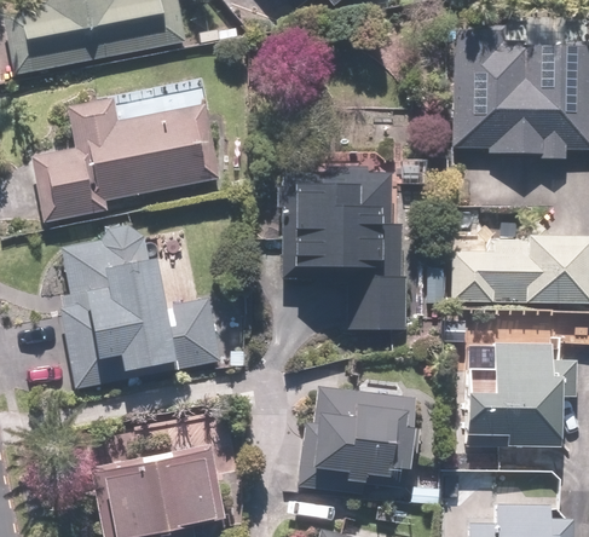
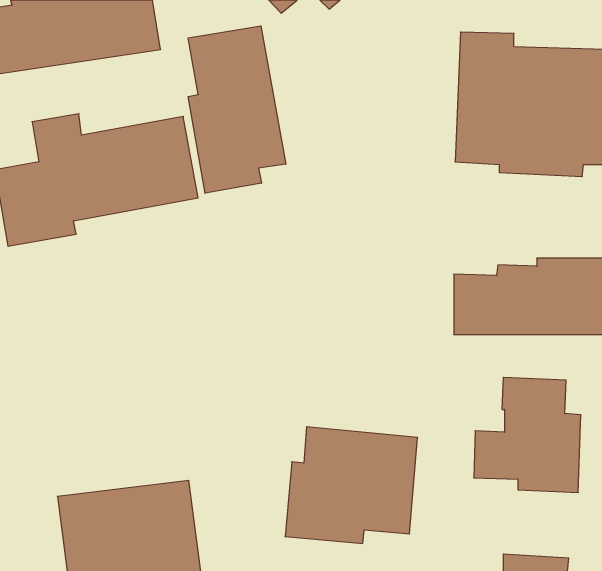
building: none -> [188,26,286,193]
building: [282,169,405,329] -> none
building: [60,226,224,391] -> none

